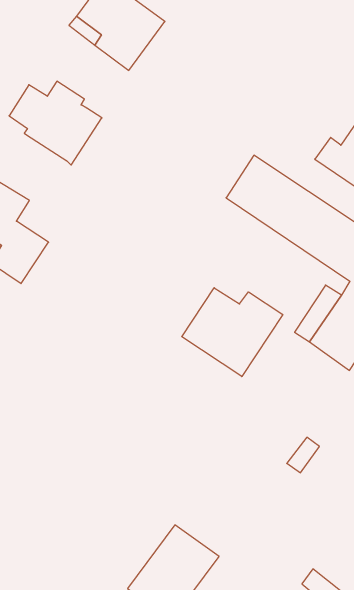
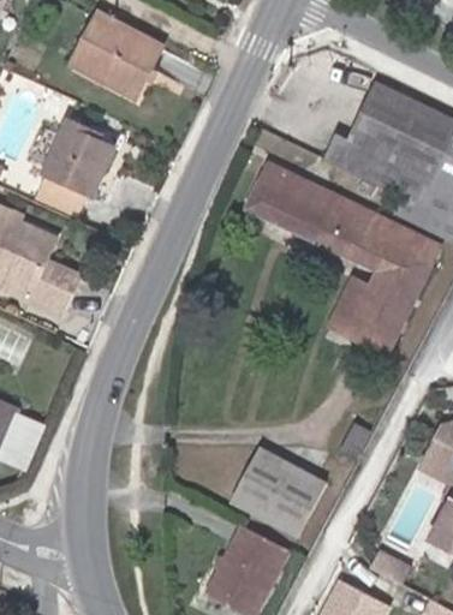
building: none -> [35,174,88,216]
building: [182,288,283,377] -> none
building: none -> [232,448,326,536]

